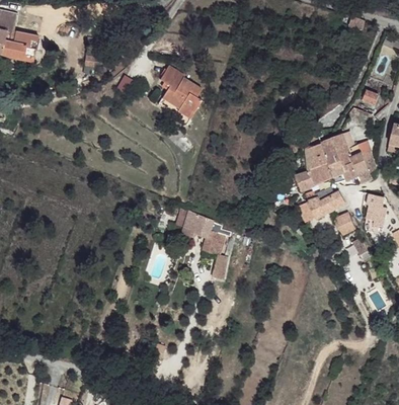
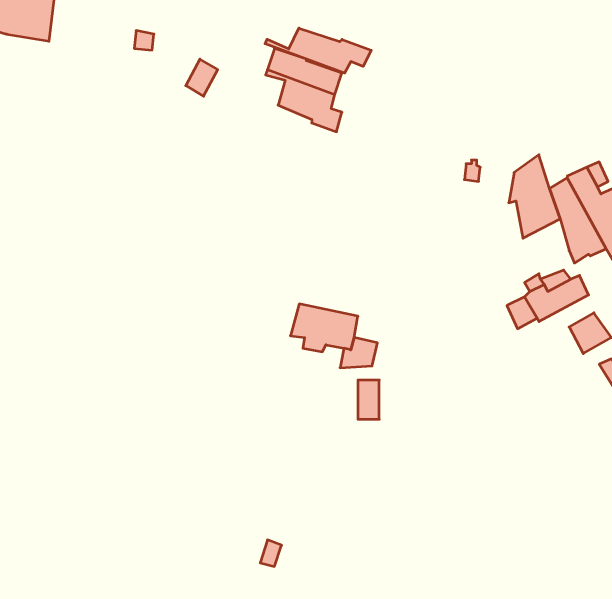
building: none -> [265,28,371,73]
building: [295,162,333,195] -> none

